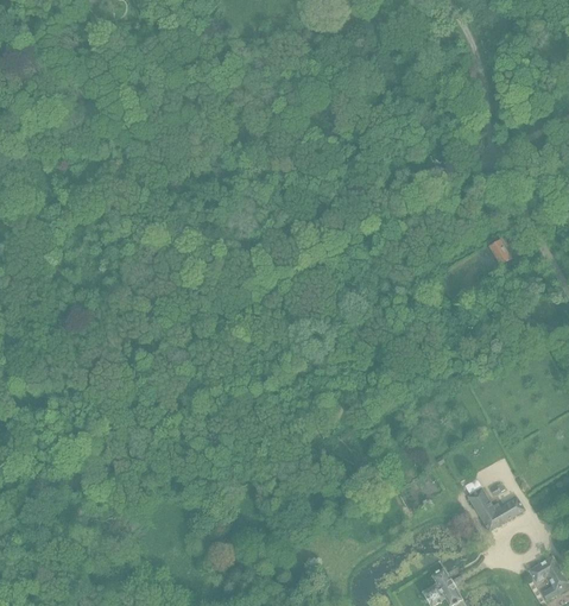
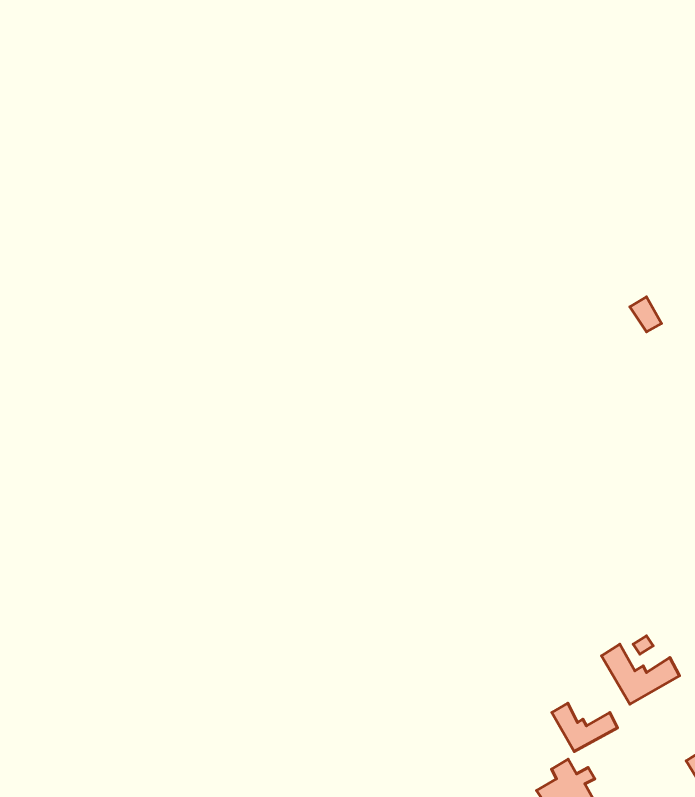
building: none -> [552,703,617,752]

